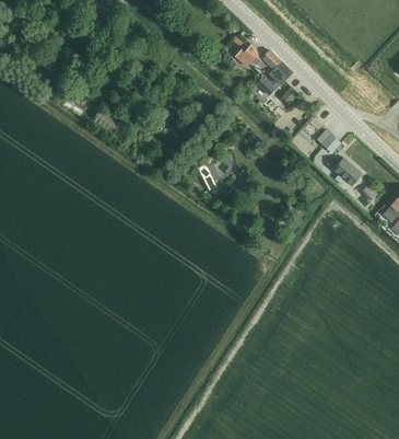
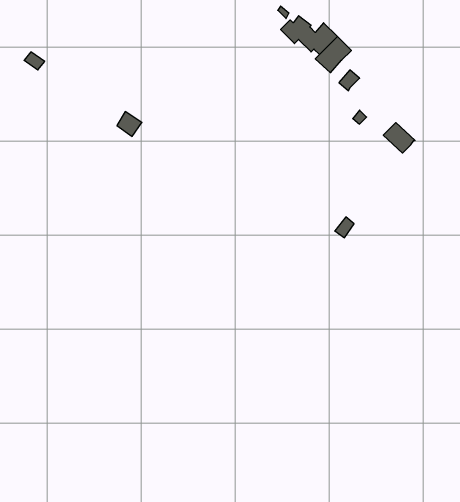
building: [326,158,360,186] -> none

